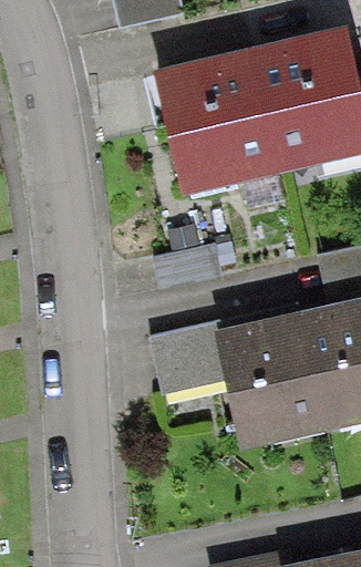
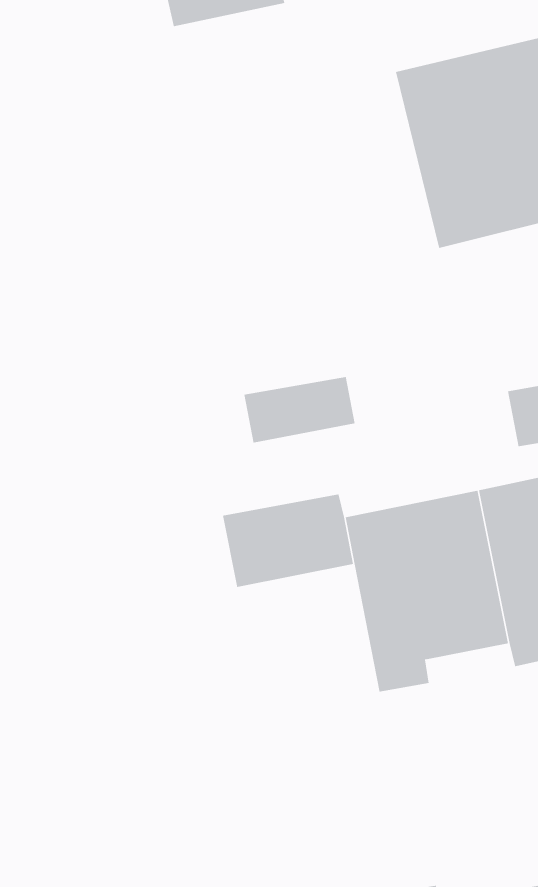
building: [164,56,281,187] -> none

